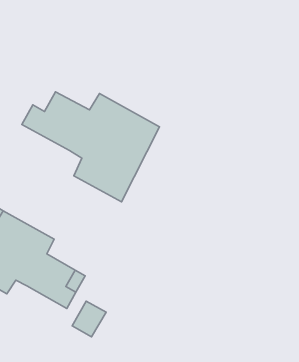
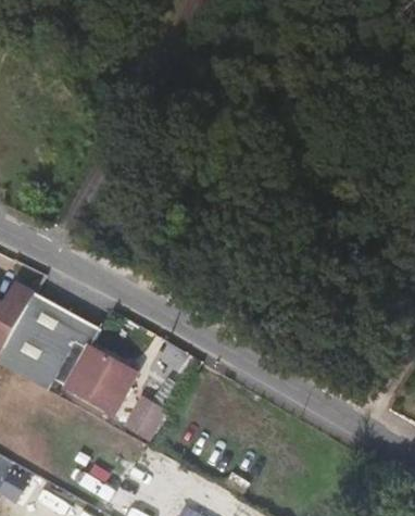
building: [22,92,160,202] -> none

